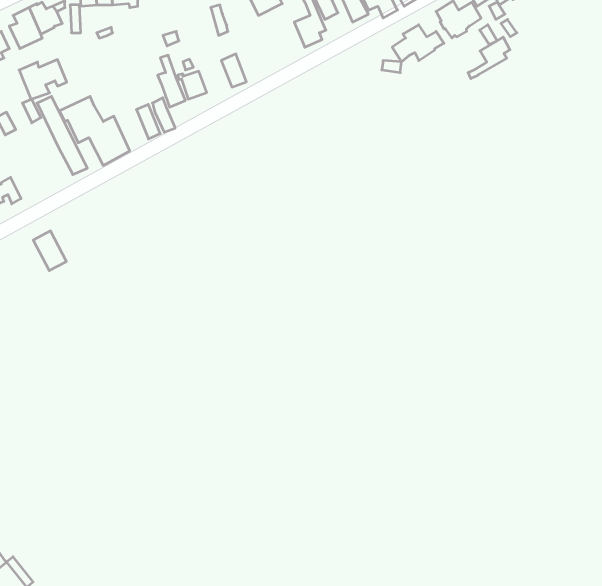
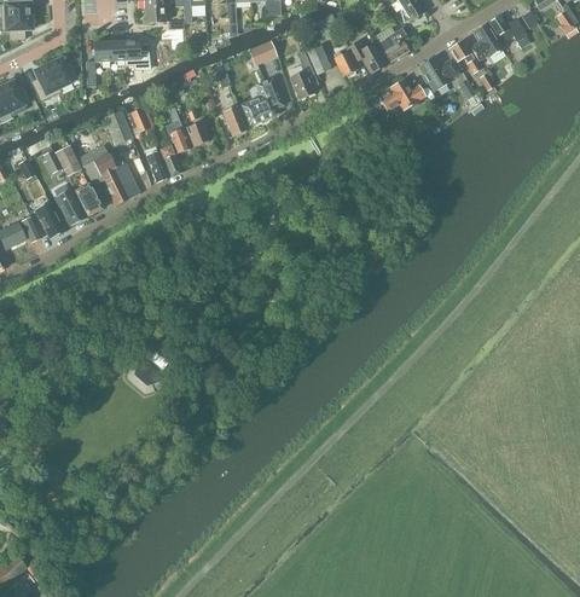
building: none -> [240,79,284,124]
building: [468,37,510,79] -> none
building: [19,60,67,99] -> [105,106,149,143]
building: none -> [54,186,86,224]
building: [33,231,66,271] -> [34,201,64,237]

